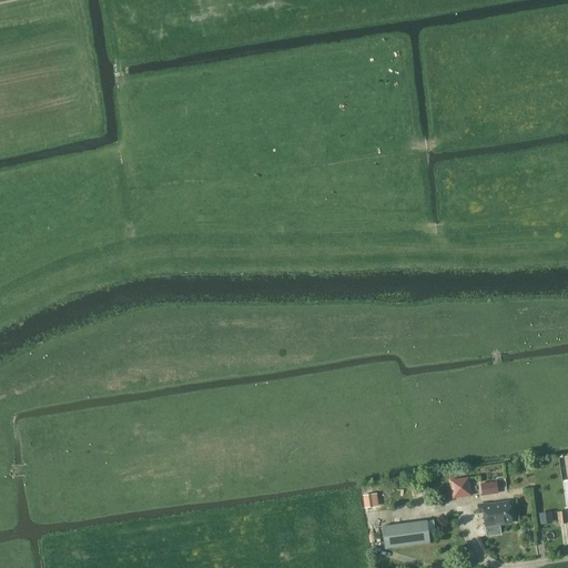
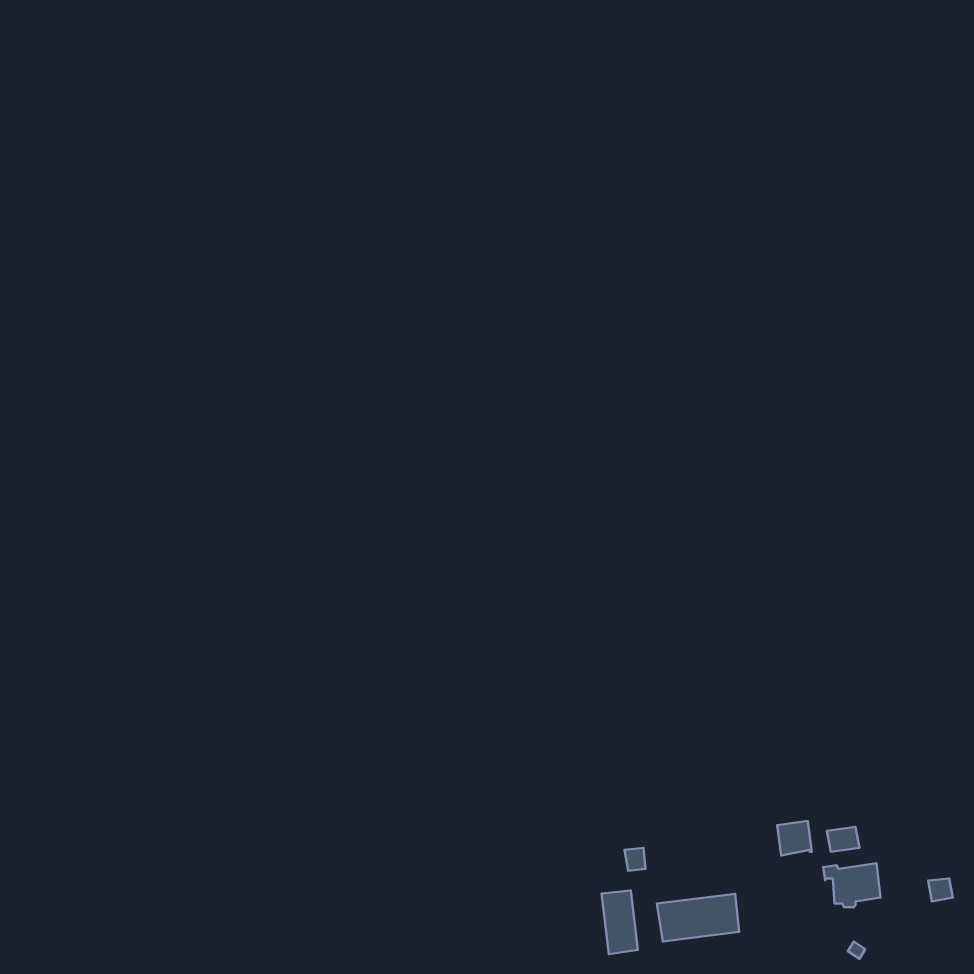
building: none -> [601,891,638,954]

